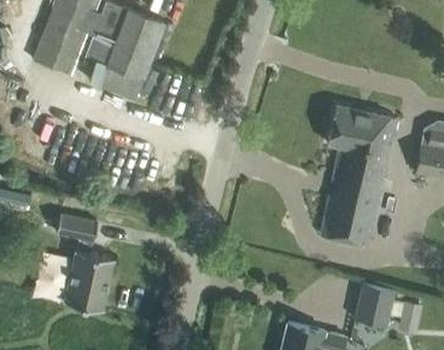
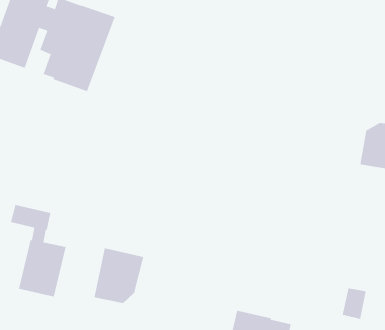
building: [322,105,397,247] -> none
building: none -> [94,248,144,304]
building: [354,281,395,326] -> none

